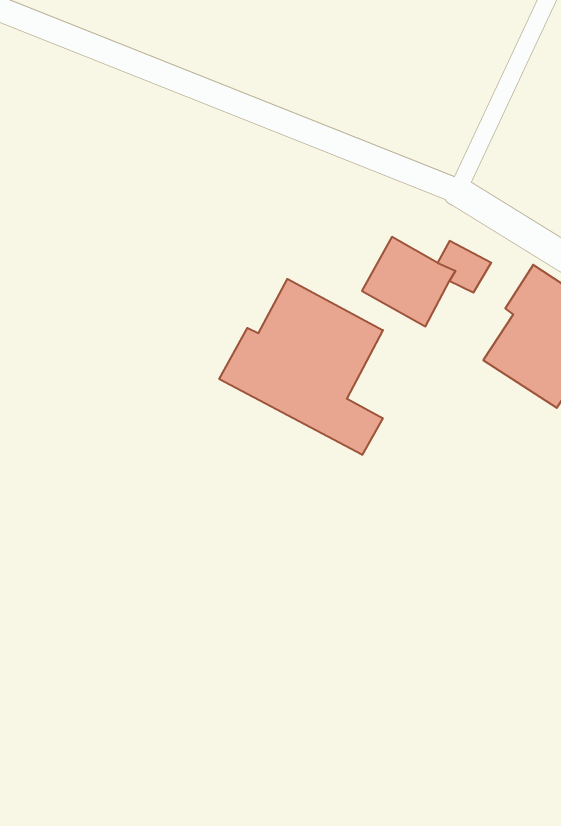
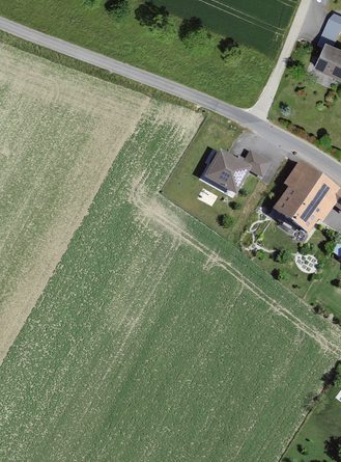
building: [219,279,383,455] -> none

